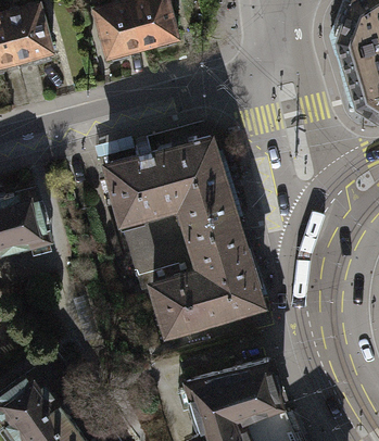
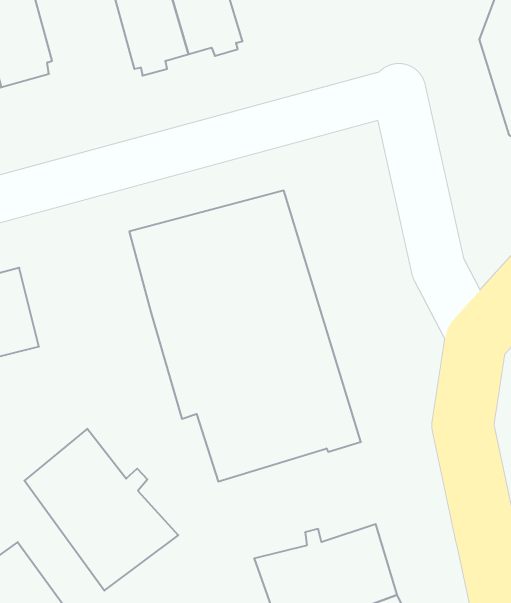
building: none -> [24,429,178,591]

